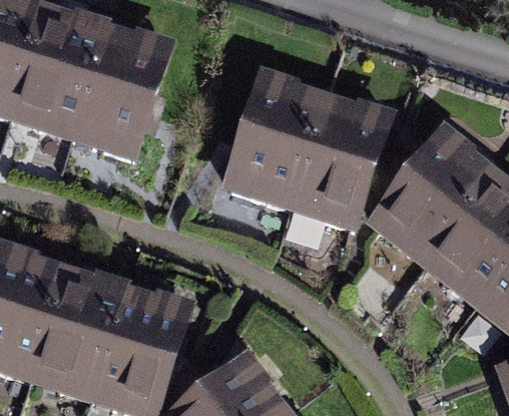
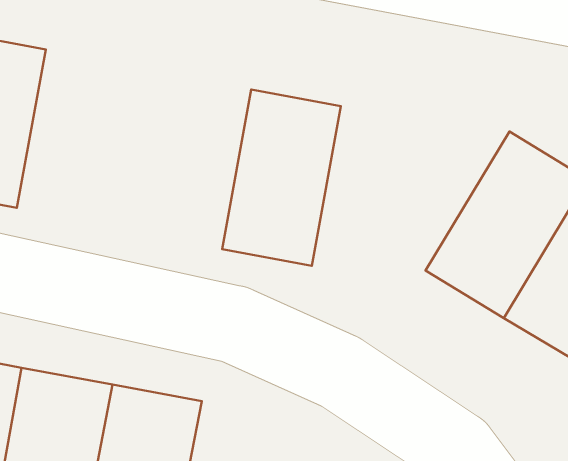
building: [70,42,170,177] -> none
building: [285,109,386,245] -> none

